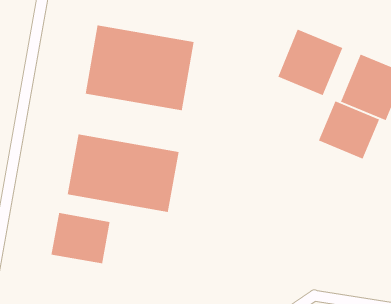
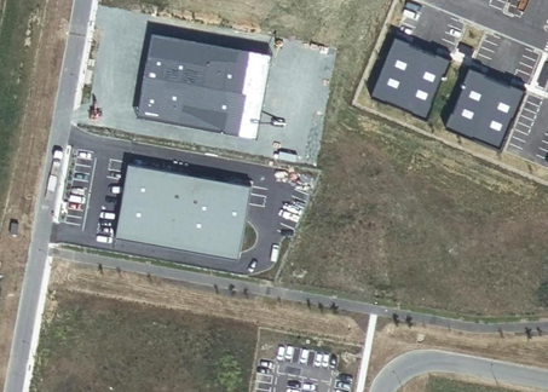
building: [318,101,380,160] -> none
building: [51,212,110,264] -> none

